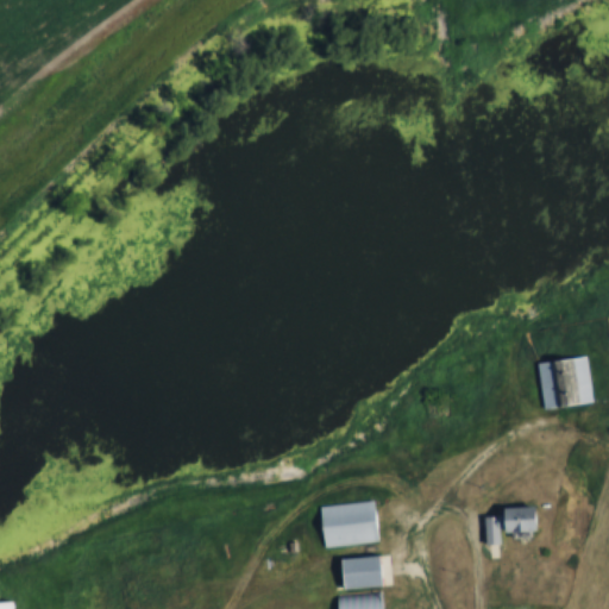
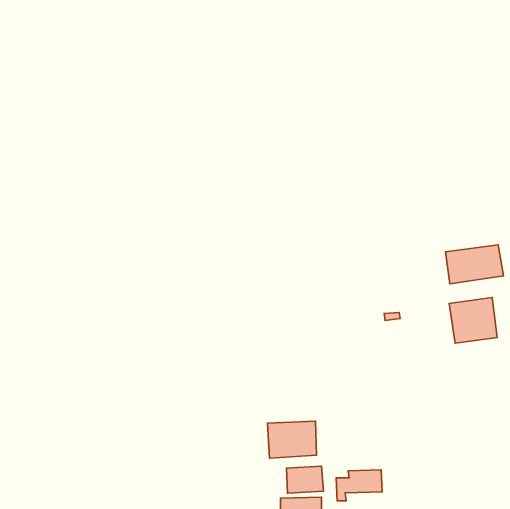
building: none -> [445,245,504,284]
building: [489,507,544,544] -> [336,470,382,501]

